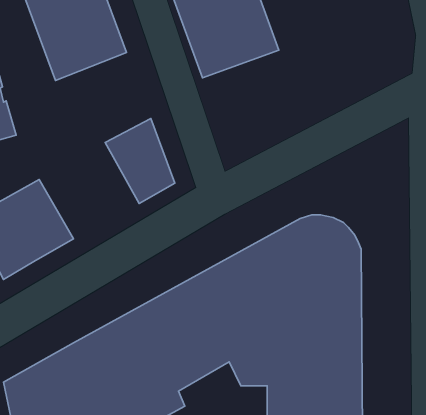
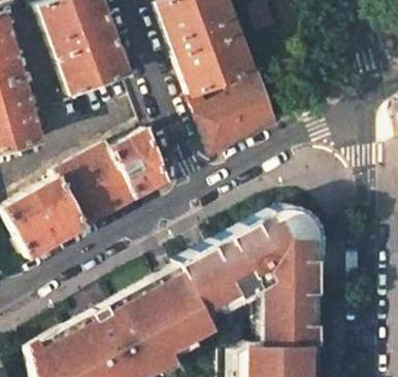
building: none -> [198,79,278,157]
building: none -> [55,143,139,227]

